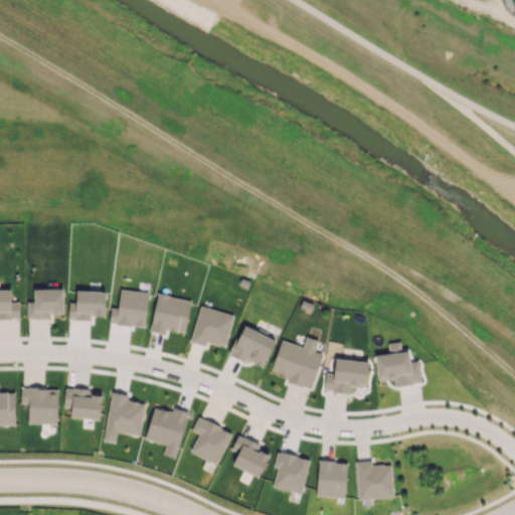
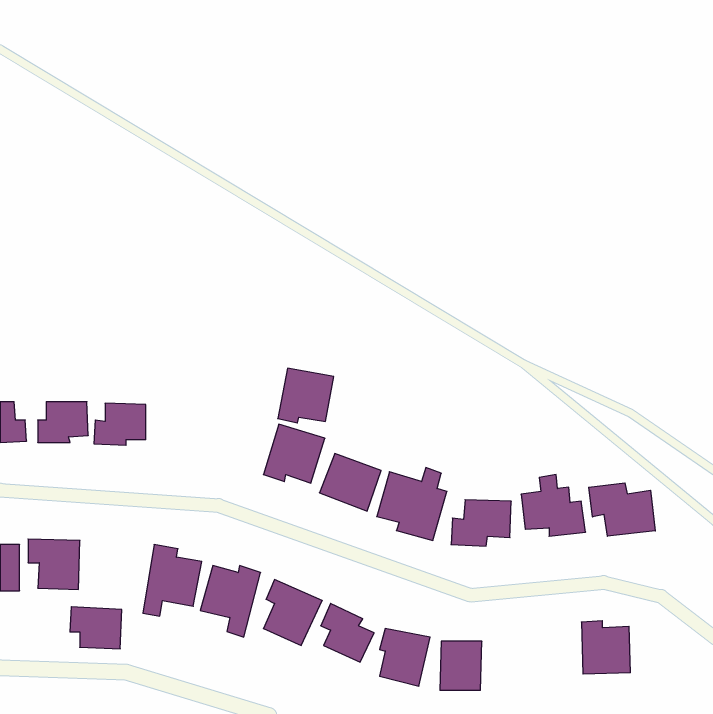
building: [111,290,150,328] -> none
building: [152,295,192,334] -> [278,368,334,423]
building: none -> [589,483,655,536]
building: [65,389,103,419] -> [70,607,122,649]
building: [358,461,393,499] -> [581,621,630,674]

